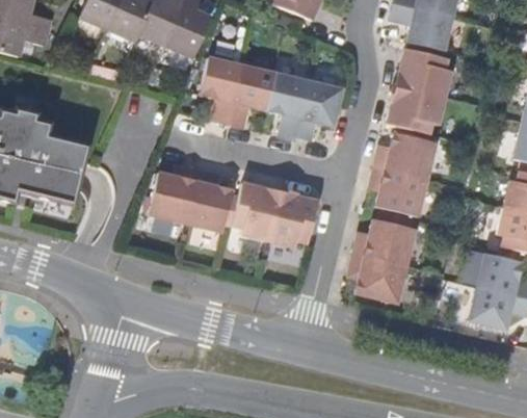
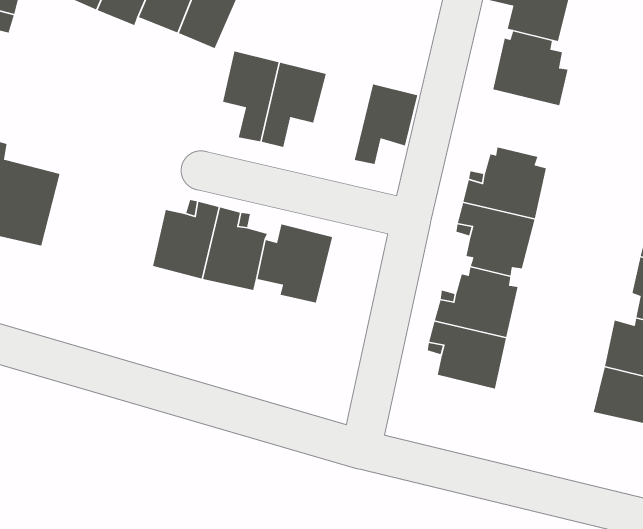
building: [266,73,309,139] -> none
building: [387,84,445,133] -> none
building: [268,189,318,246] -> none

